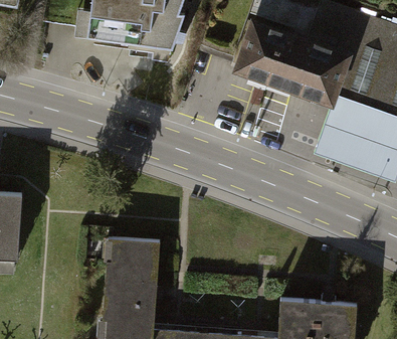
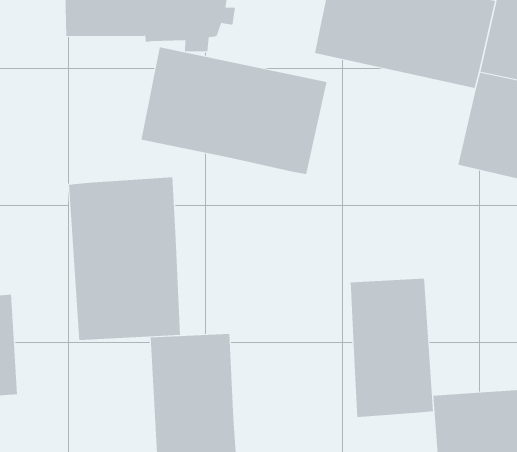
building: none -> [141,47,327,175]
building: none -> [68,176,181,341]
building: none -> [350,278,433,418]

